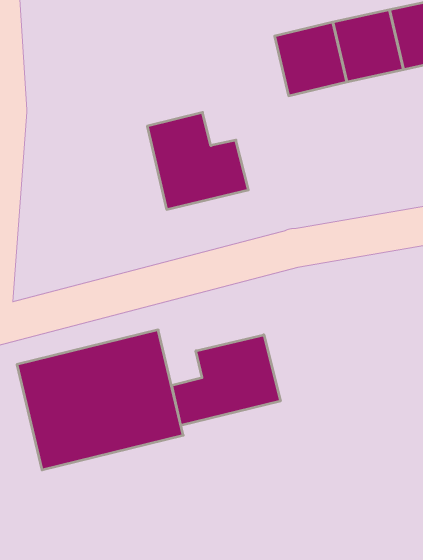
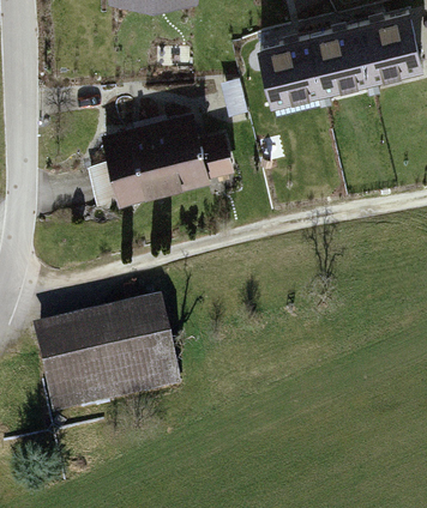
building: none -> [90,121,167,210]
building: [172,335,280,425] -> none

